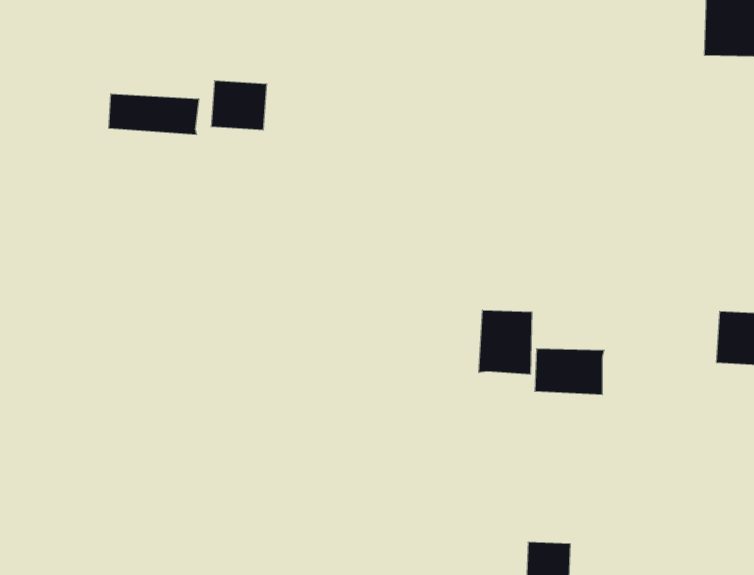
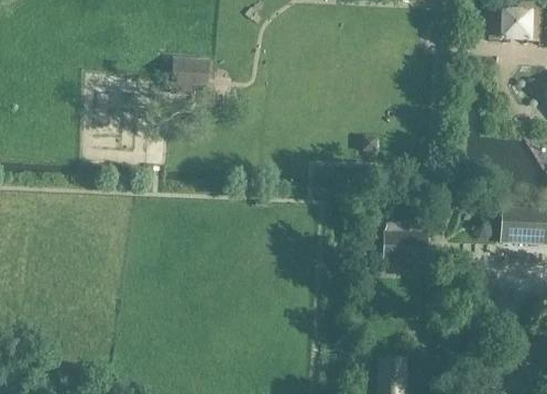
building: [109,94,199,135] -> none
building: [479,310,532,374] -> none

